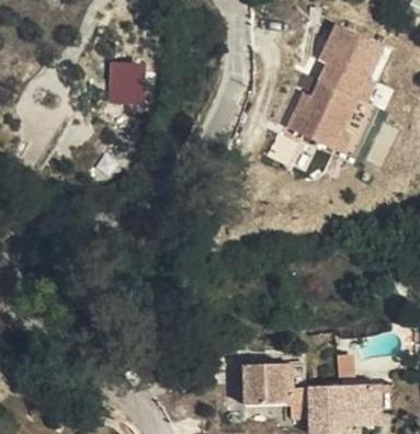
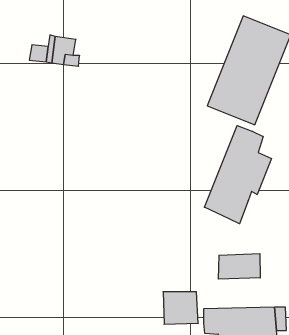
building: none -> [204,126,272,224]
building: none -> [218,254,260,279]

